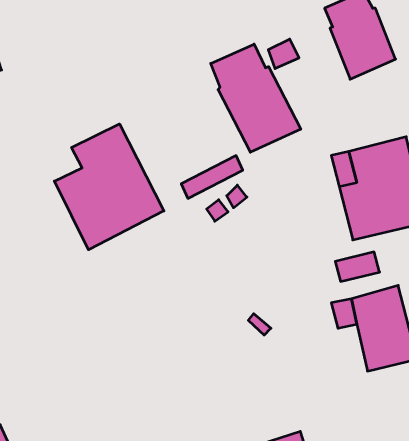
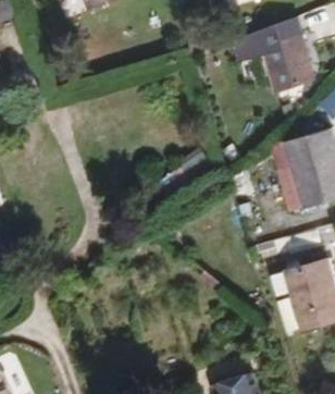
building: [211,44,301,152] -> none
building: [54,124,164,250] -> none

